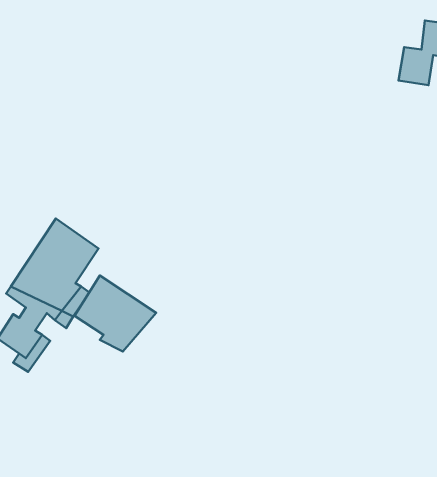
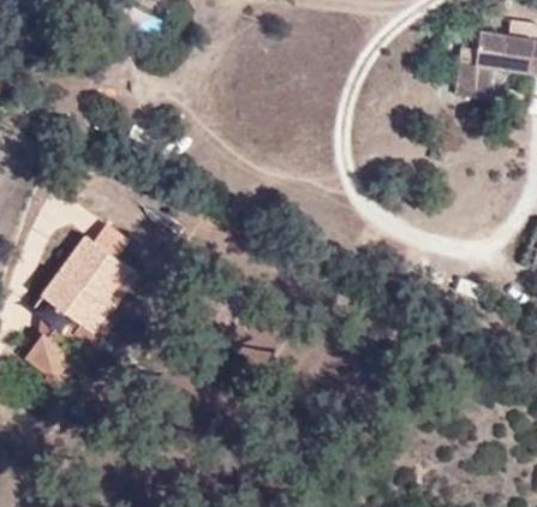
building: [75,275,156,352] -> none

